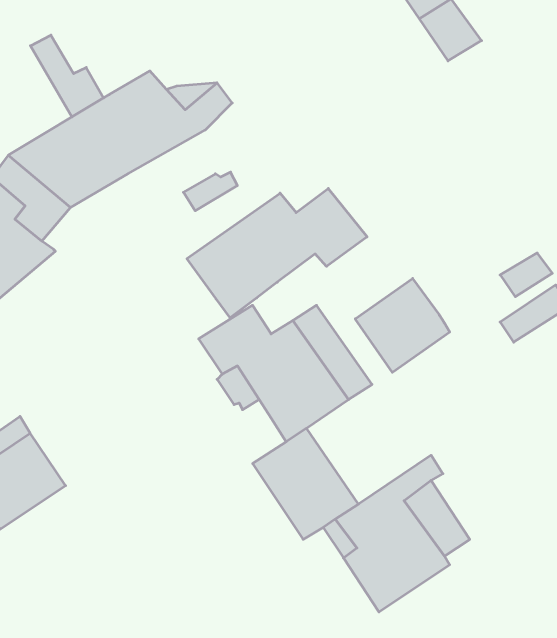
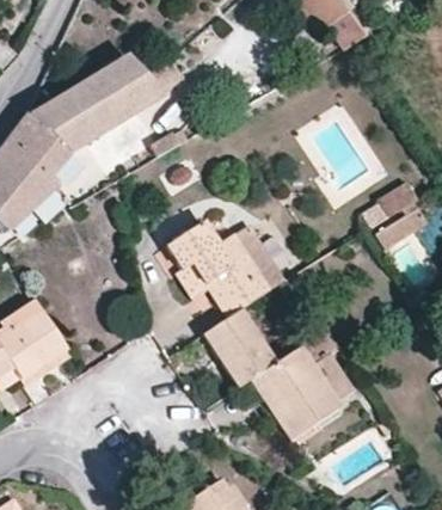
building: [30,35,104,117] -> none
building: [187,188,367,318] -> none
building: [355,278,450,372] -> none

